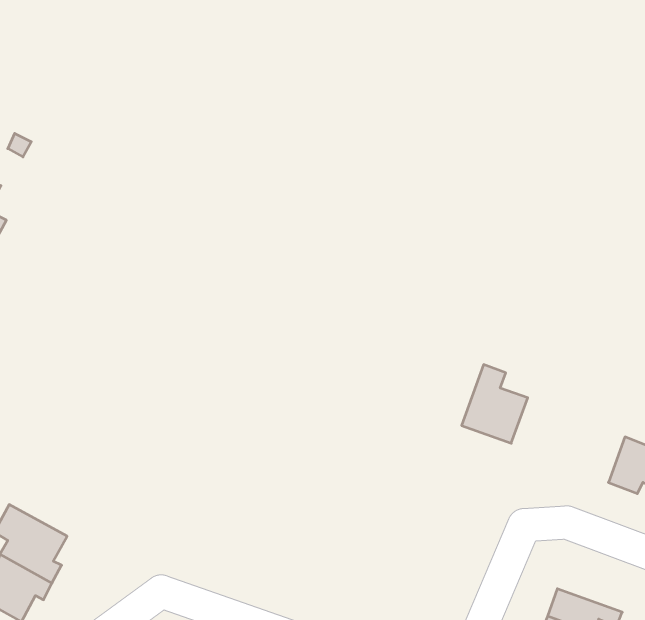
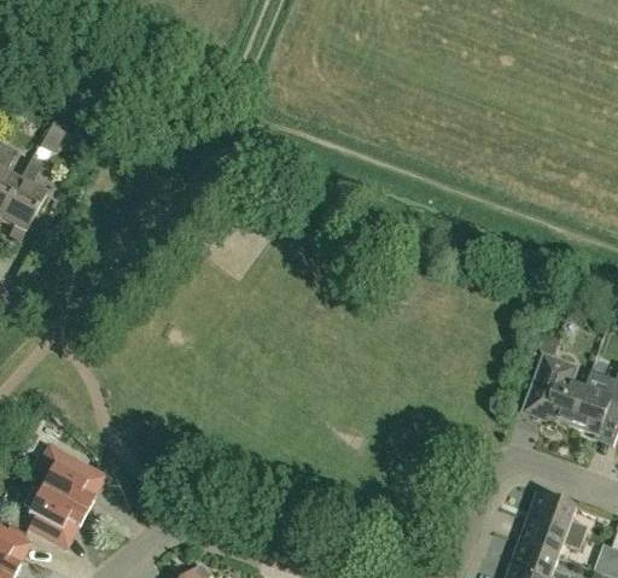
building: [462,365,528,443] -> [529,355,587,424]
building: none -> [527,491,588,537]

